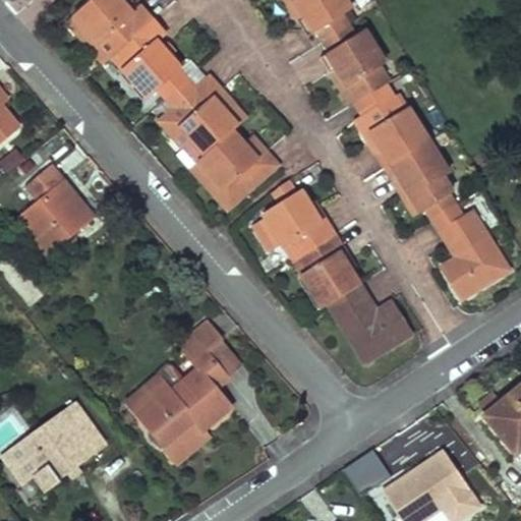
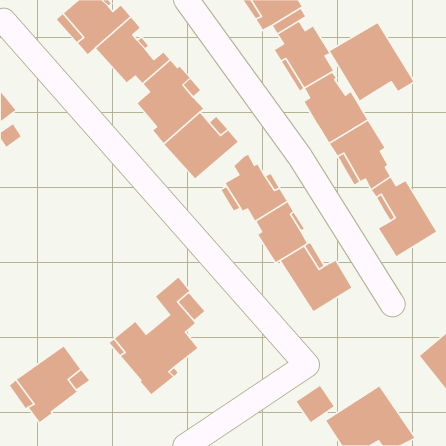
building: none -> [329,22,414,102]
building: [16,165,94,255] -> none

